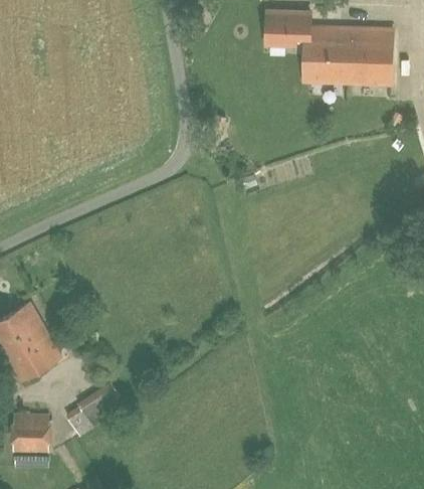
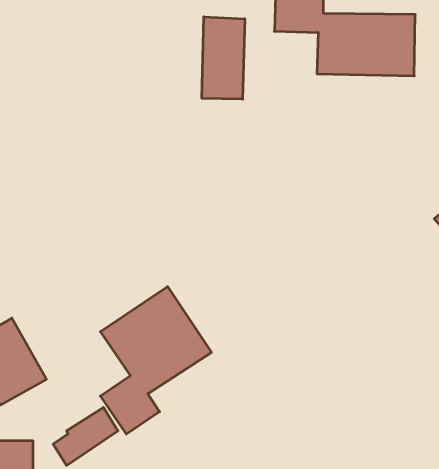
building: none -> [202,17,245,99]
building: none -> [100,287,211,434]

